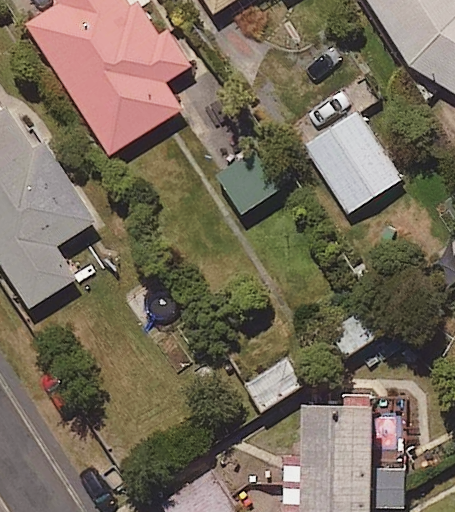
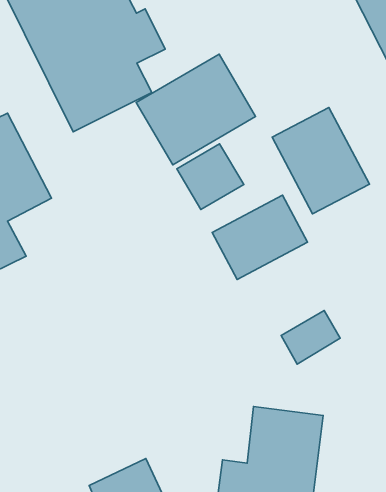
building: none -> [136,54,256,165]
building: none -> [212,195,307,279]

